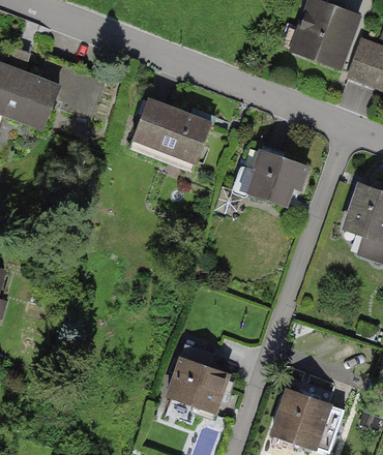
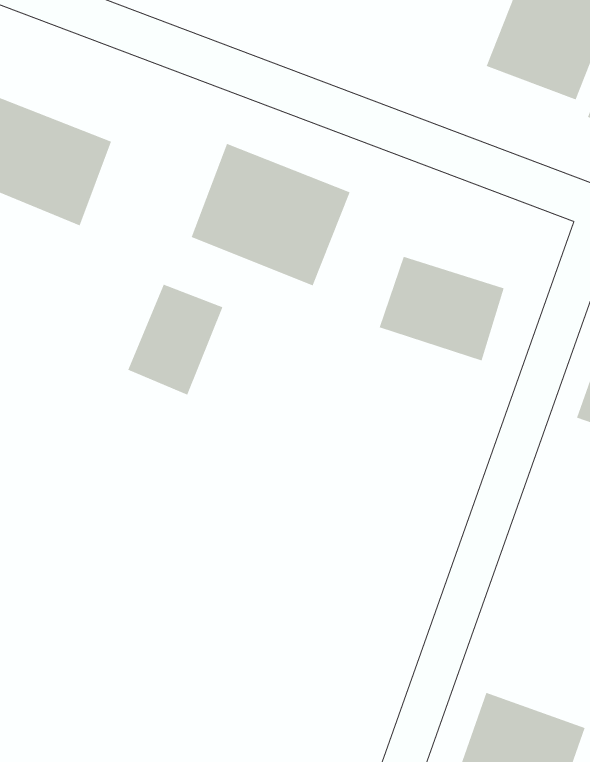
building: none -> [128,284,223,396]
building: [168,346,229,423] -> none

